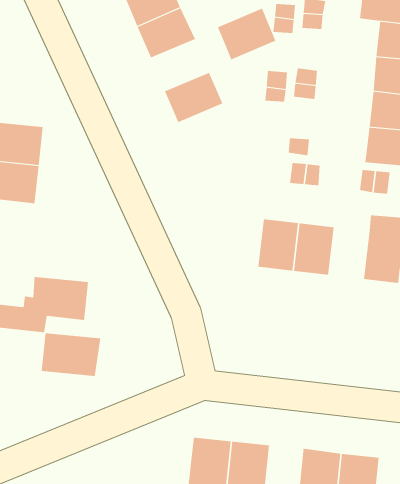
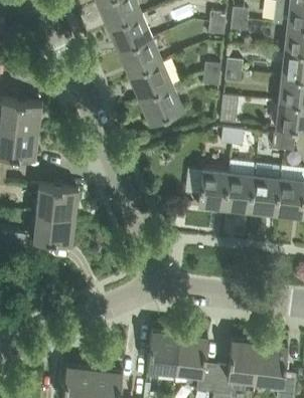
building: [217,8,276,60] -> [119,39,162,77]
building: none -> [139,86,182,125]
building: none -> [250,165,280,215]
building: [41,333,101,377] -> [33,185,78,217]

